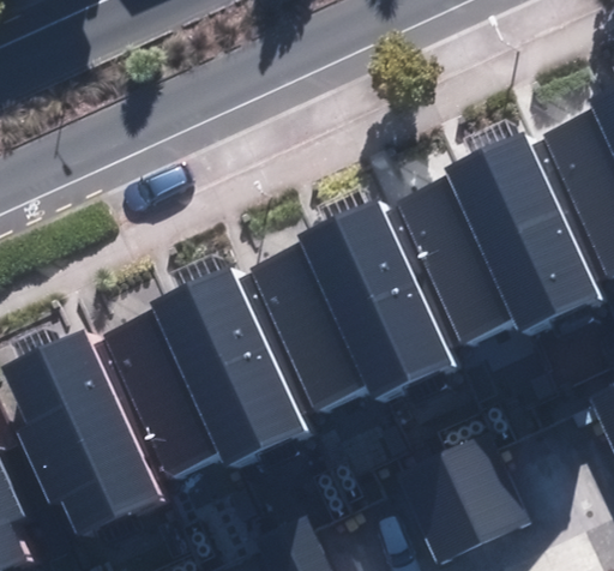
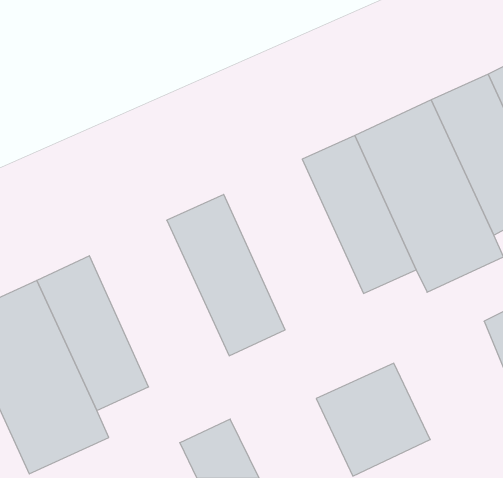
building: [291,200,459,416] -> none
building: [142,269,308,485] -> none

